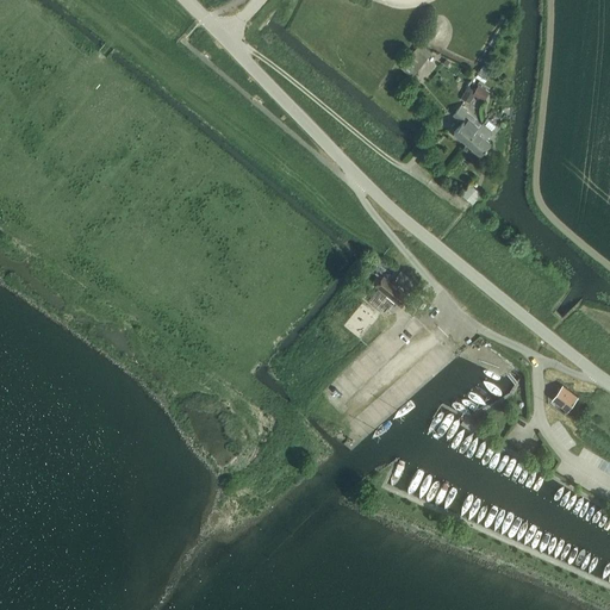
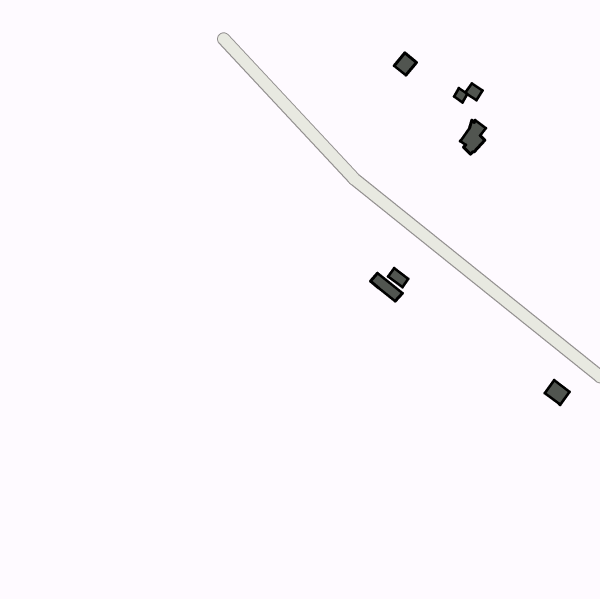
building: [452,106,478,145] -> none

